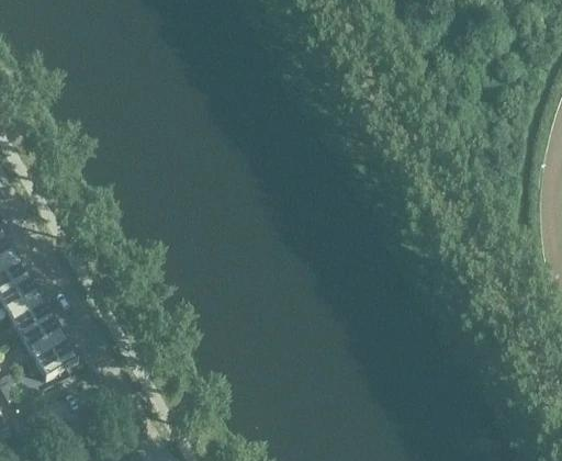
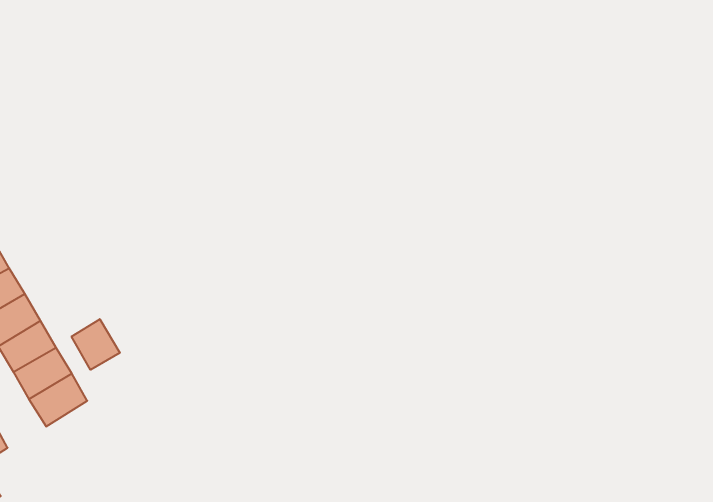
building: none -> [72,319,120,370]

